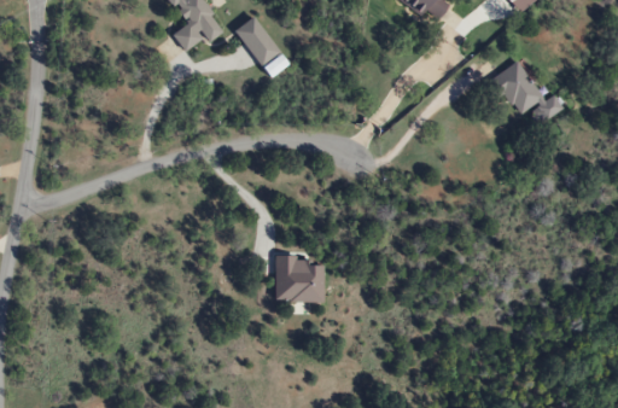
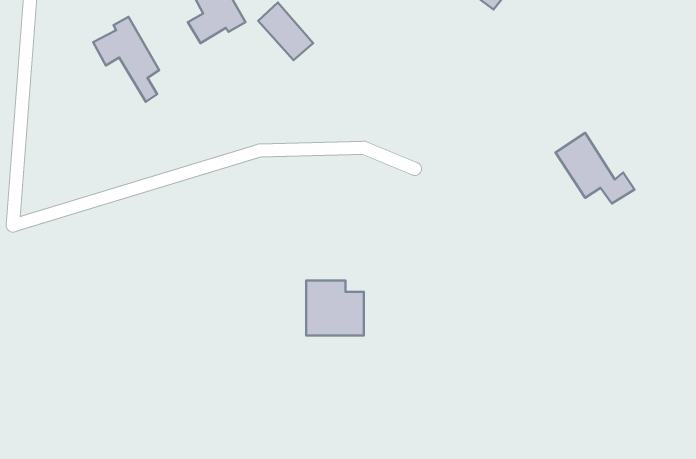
building: none -> [93,17,159,102]
building: [494,60,561,121] -> [556,133,634,203]

